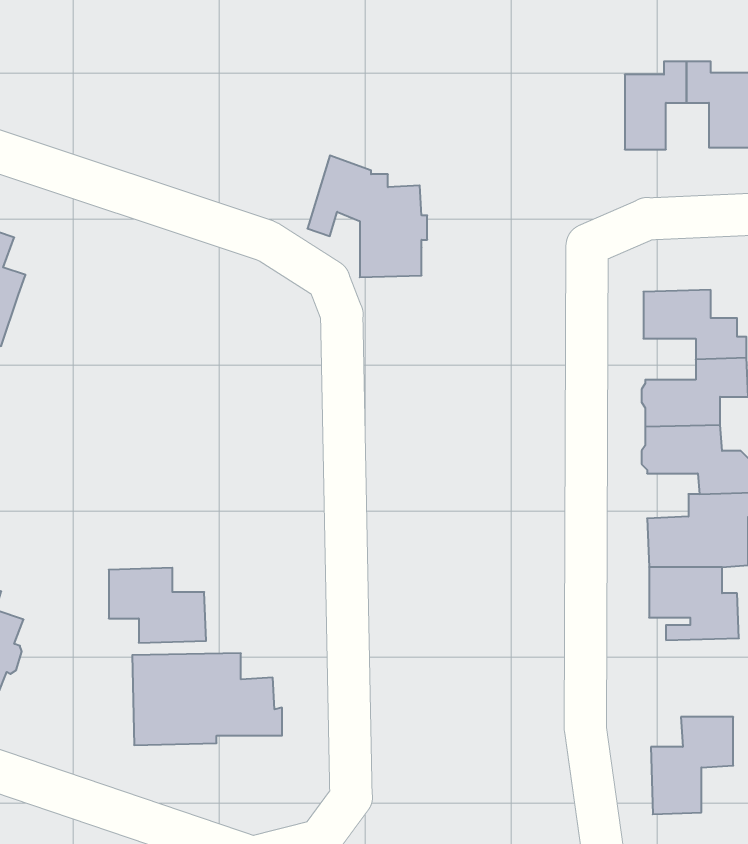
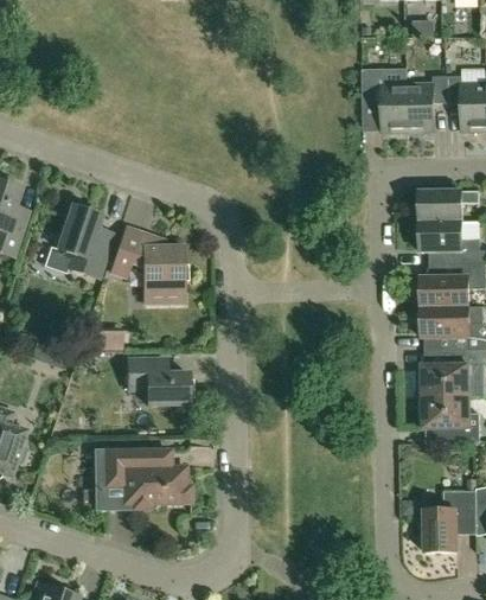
building: none -> [366,74,407,130]
building: [307,155,427,277] -> [110,225,186,302]
building: none -> [418,190,478,221]
building: none -> [57,204,113,276]
building: [109,568,206,643] -> [127,356,188,403]

